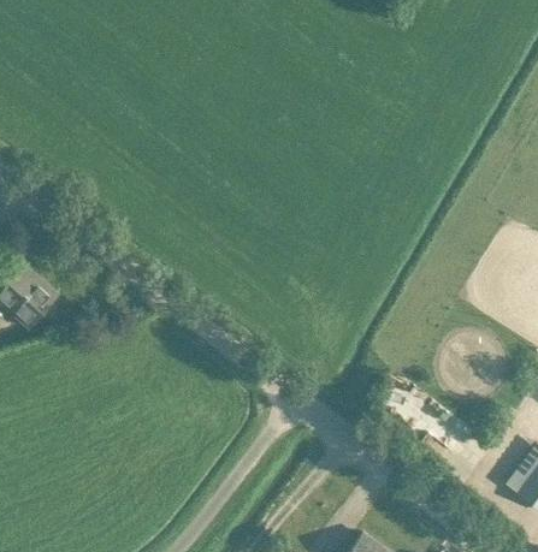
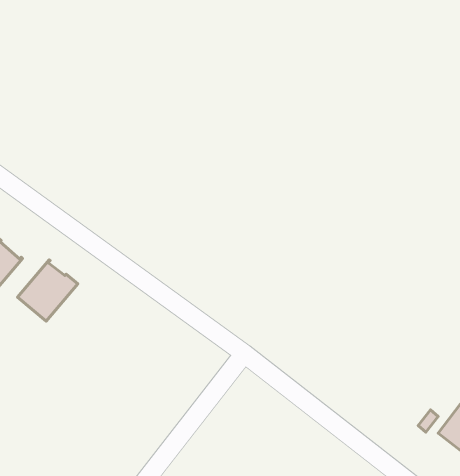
building: none -> [18,260,78,321]

